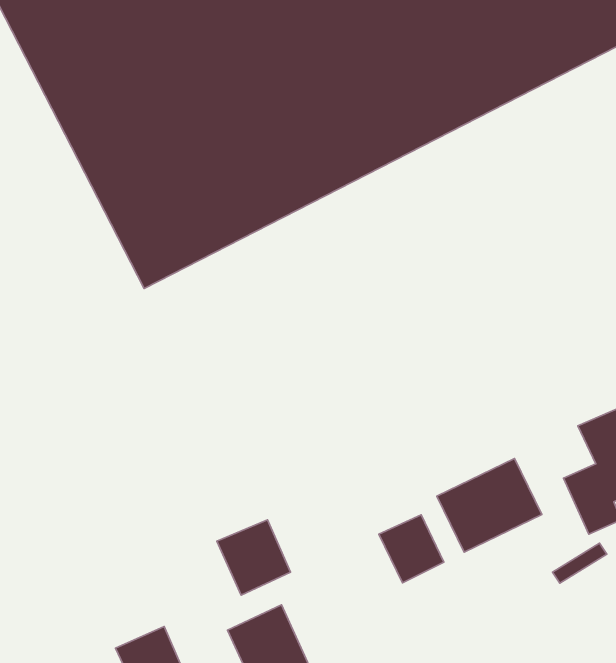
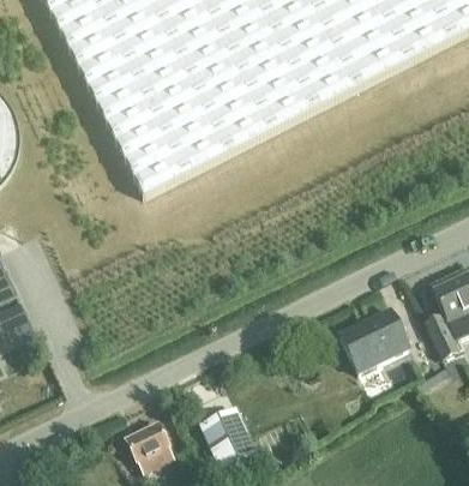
building: [379,515,444,583] -> none
building: [217,520,290,595] -> none

